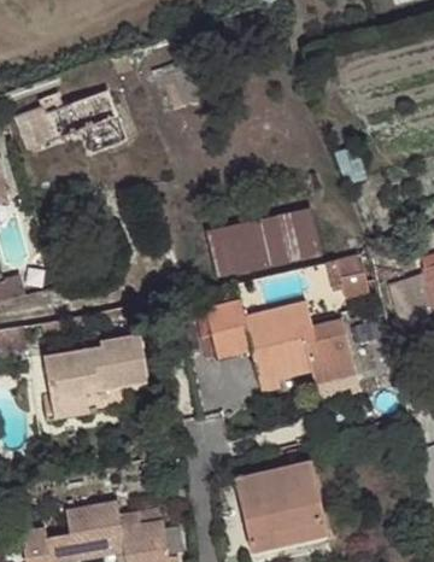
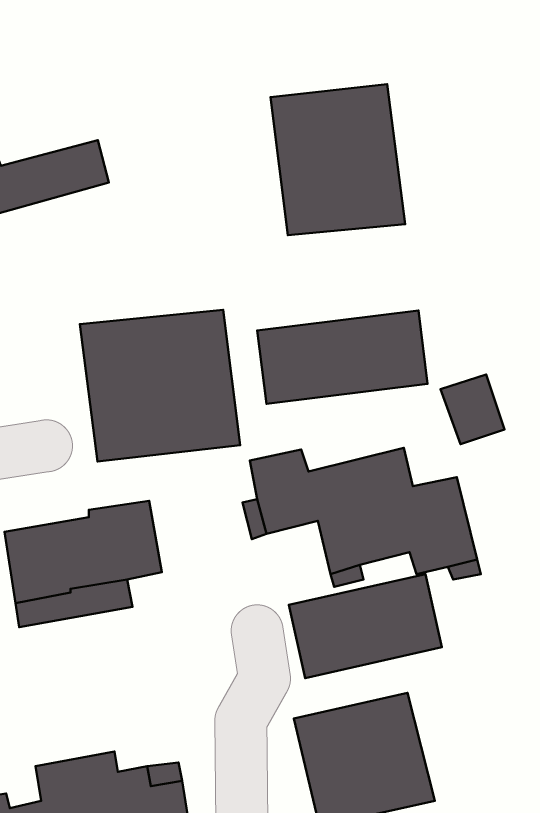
building: none -> [271,84,405,235]
building: none -> [80,310,240,462]
building: none -> [289,574,442,678]

